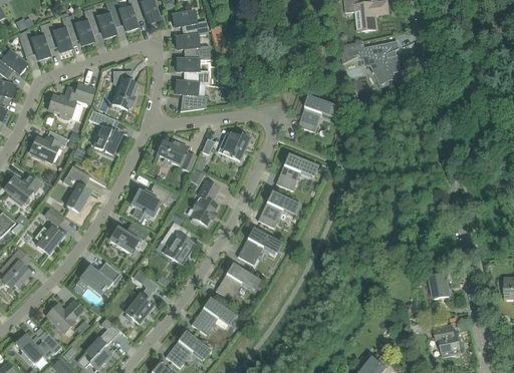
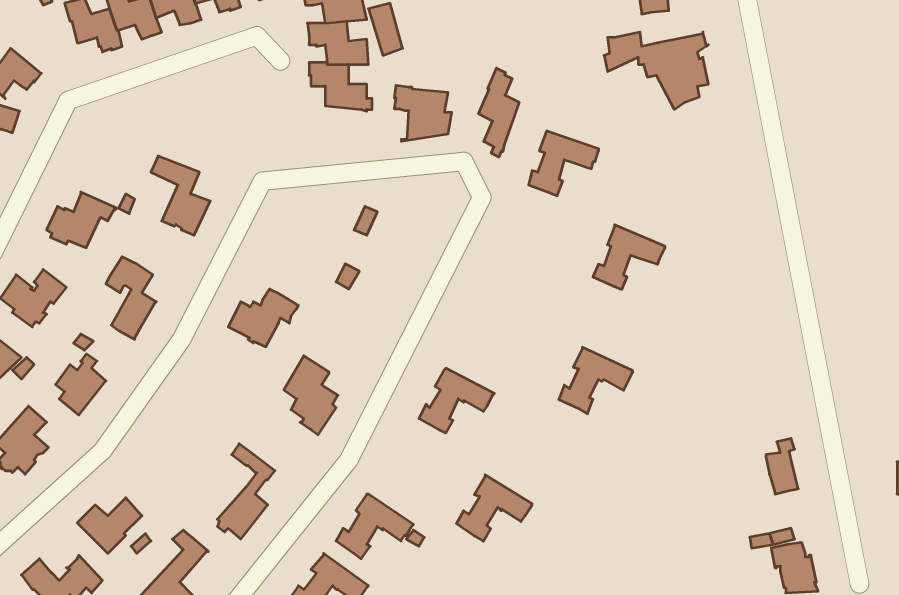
building: [18,28,51,58] -> none
building: none -> [479,68,519,157]
building: [112,70,138,109] -> none
building: [176,79,208,110] -> [394,85,452,141]
building: [48,82,94,118] -> none
building: [218,132,250,160] -> none
building: [157,139,196,170] -> none
building: [276,153,316,190] -> [593,225,665,289]
building: [192,179,219,225] -> none
building: [258,191,299,228] -> [559,347,633,414]
building: [109,223,148,252] -> none
building: [80,261,122,294] -> none
building: [216,263,258,300] -> [456,475,532,541]

